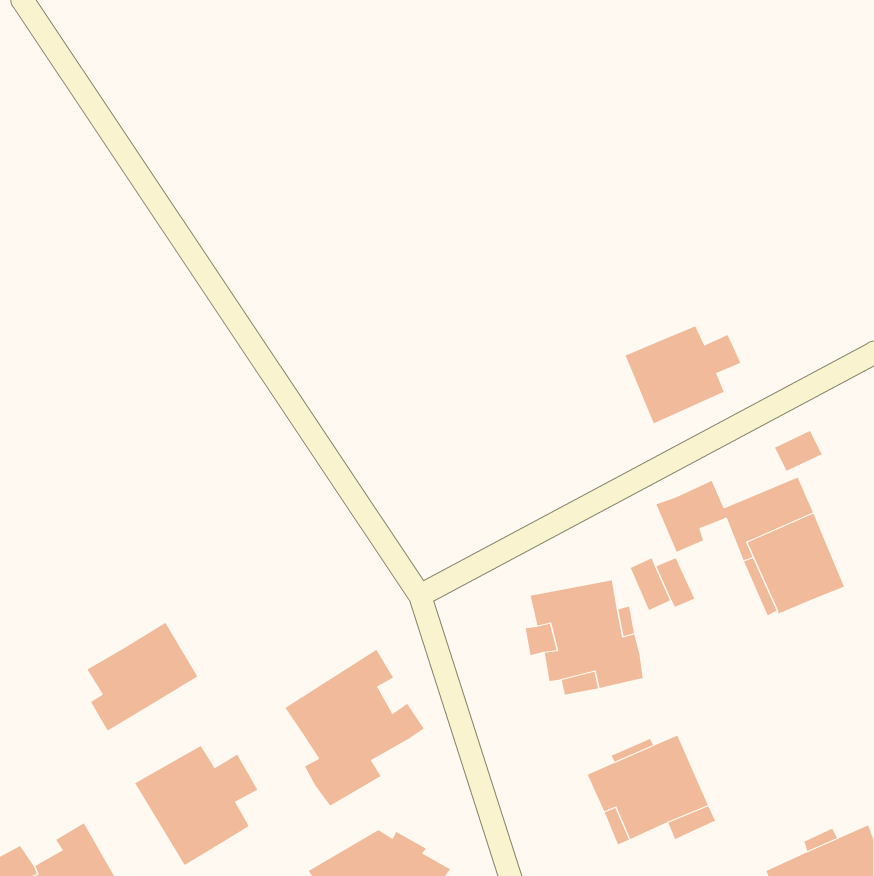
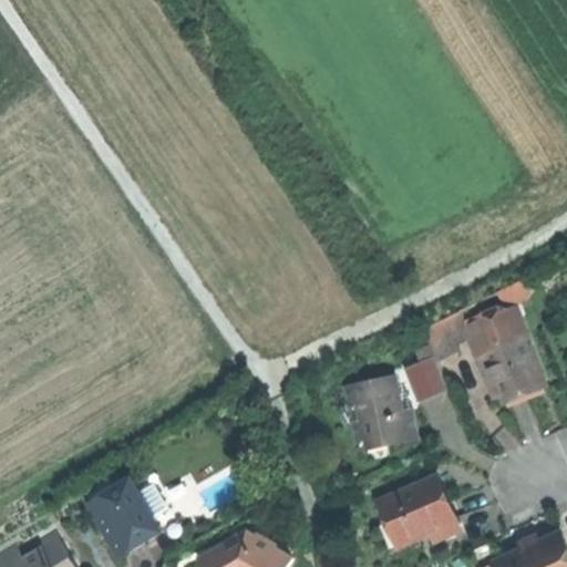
building: [625,325,741,424] -> none
building: [86,622,198,732] -> none
building: [285,649,425,807] -> none

